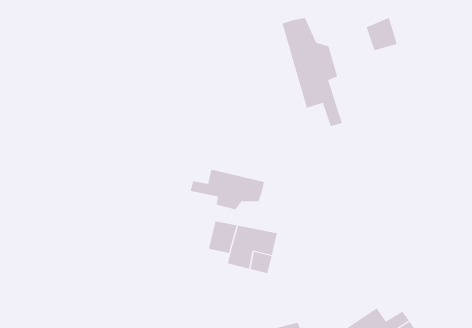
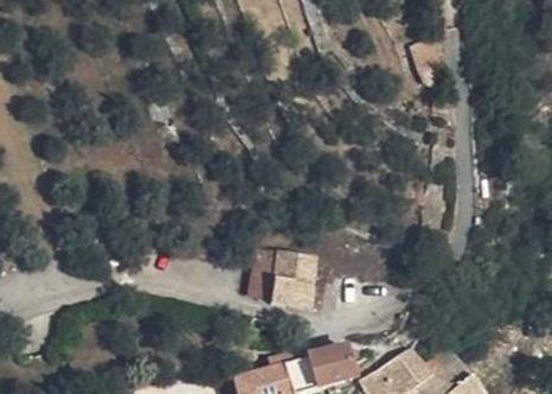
building: [282,17,343,127] -> none
building: [190,169,264,210] -> none

